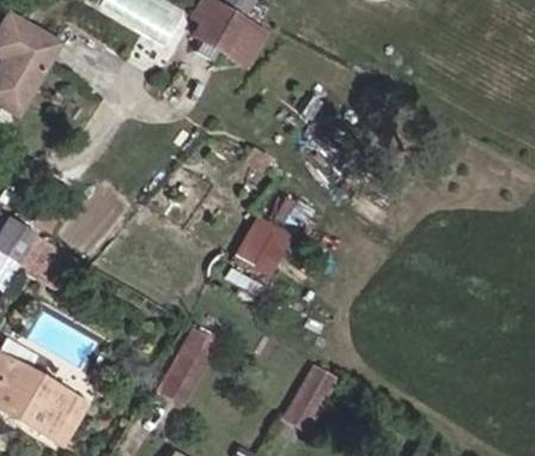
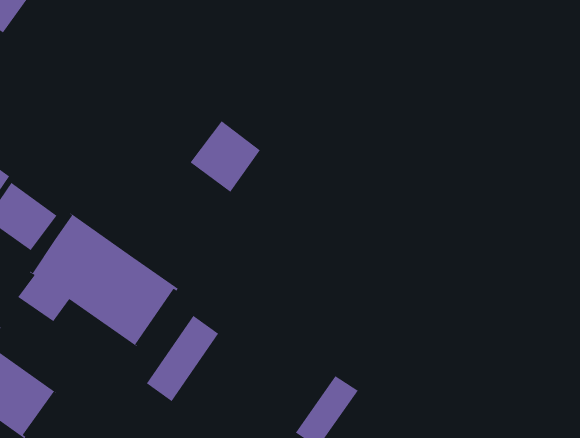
building: [237,213,294,272] -> [190,120,261,193]
building: none -> [17,212,179,347]

